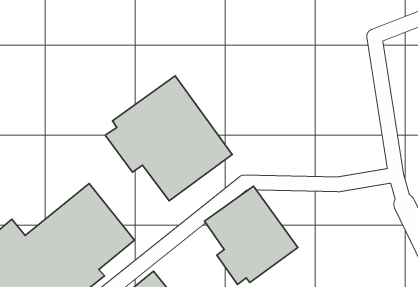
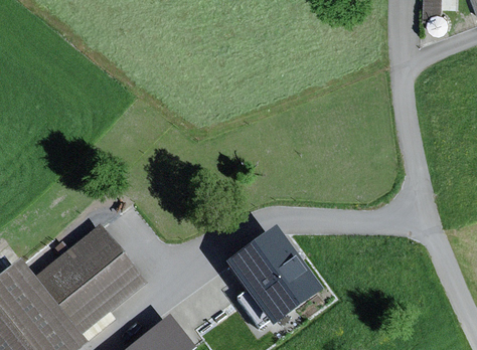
building: [105,76,232,201] -> none

